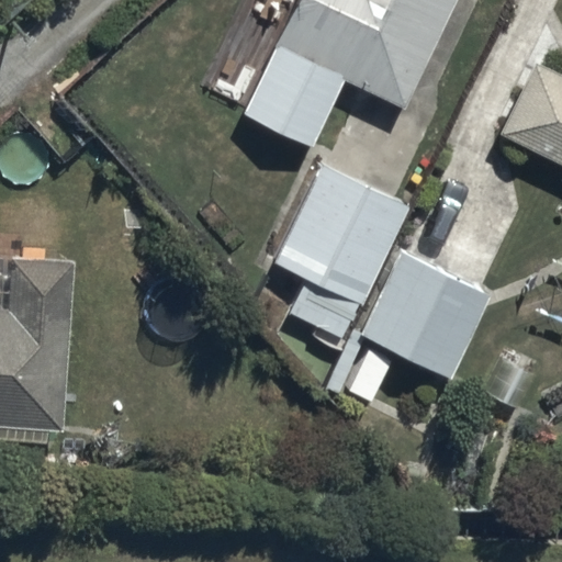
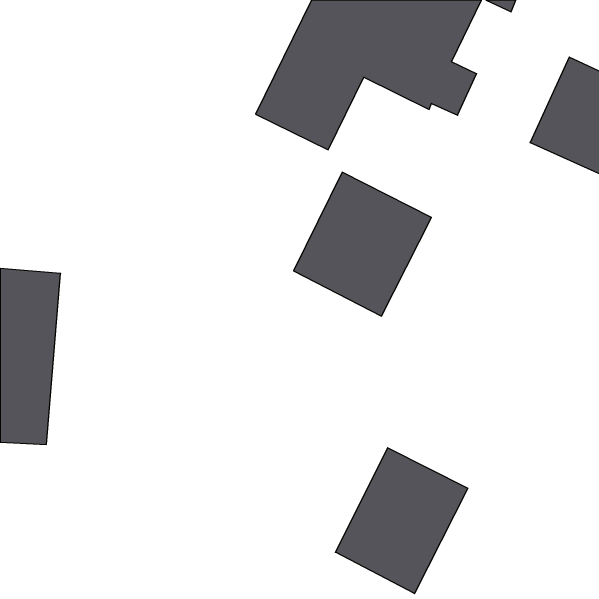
building: [330,248,491,404] -> none
building: none -> [335,448,468,594]

